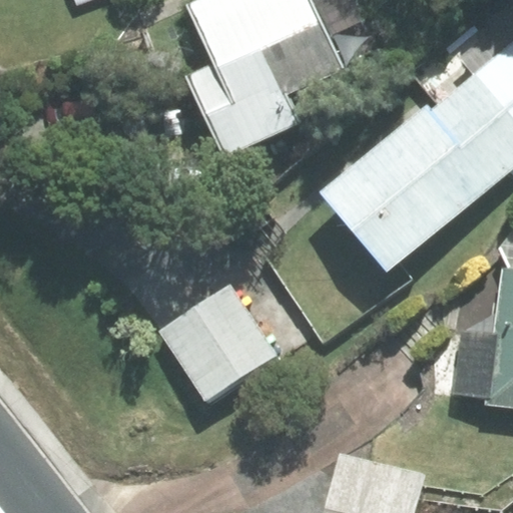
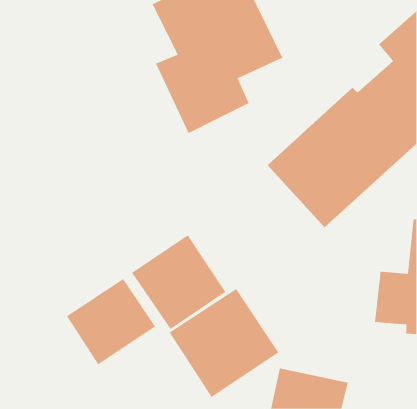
building: none -> [66,278,156,365]
building: none -> [169,288,279,398]

